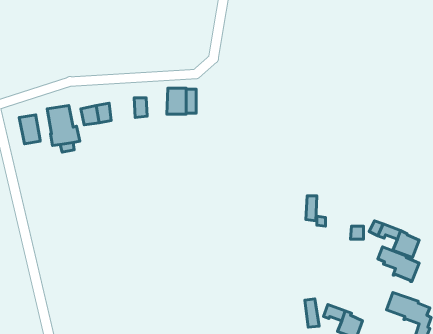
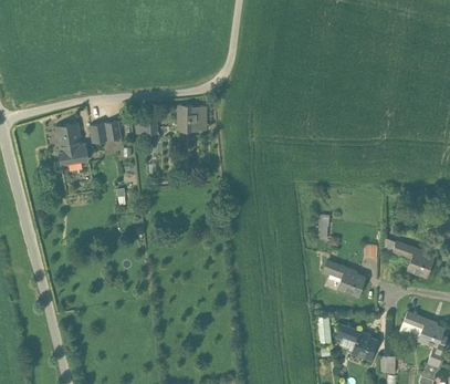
building: [19,115,40,144] -> none
building: [378,247,419,282] -> [323,260,365,295]

